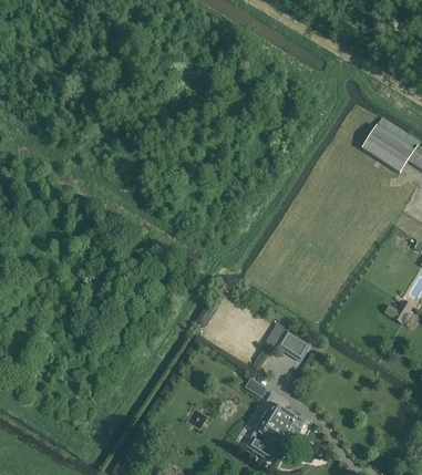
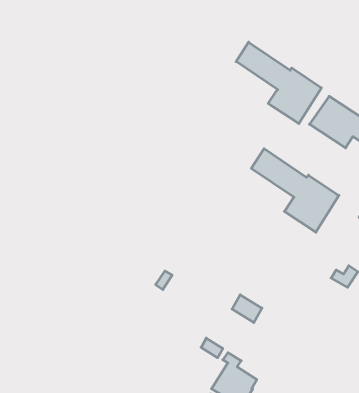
building: none -> [236,42,321,124]
building: none -> [251,149,339,232]

